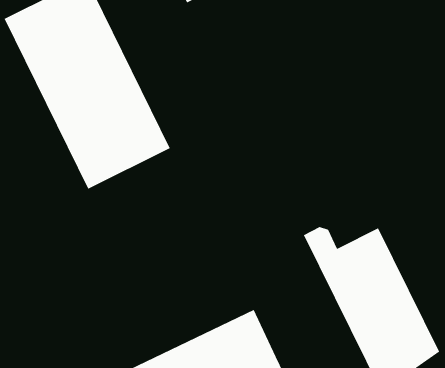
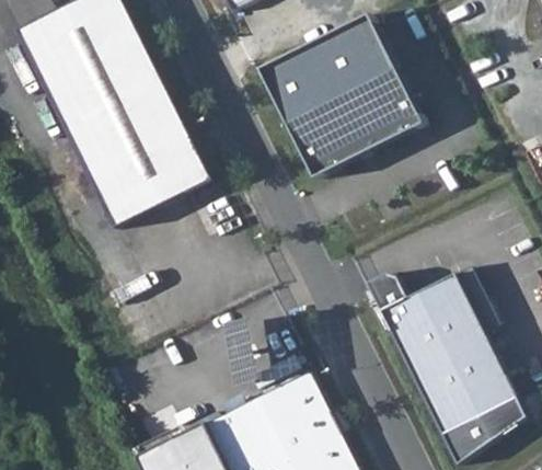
building: none -> [260,13,425,180]

